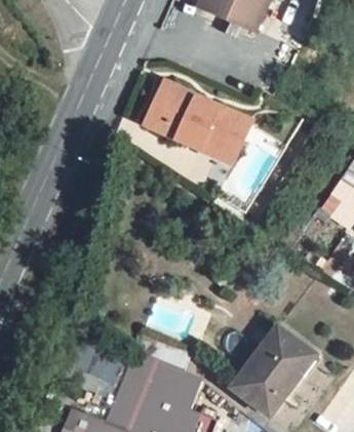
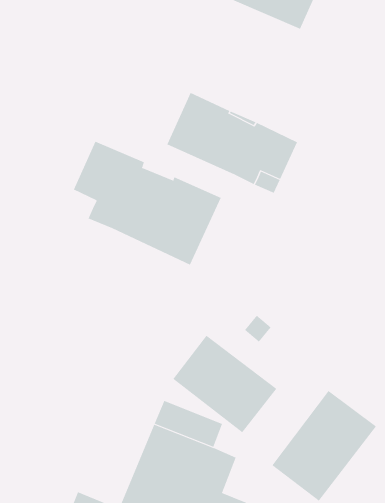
building: none -> [73,141,221,265]
building: none -> [173,335,277,433]

